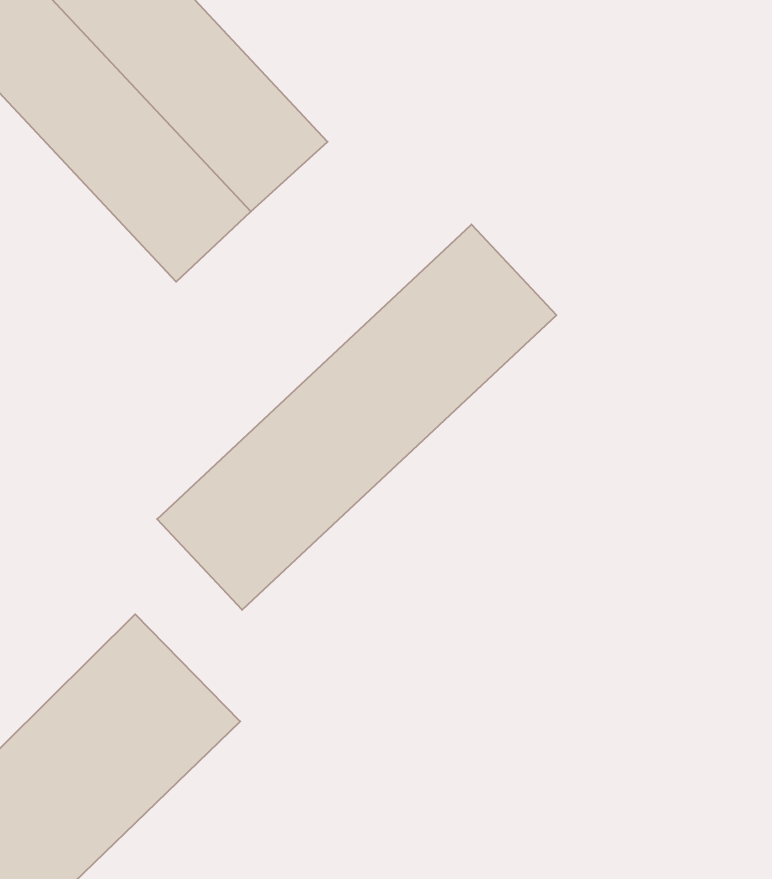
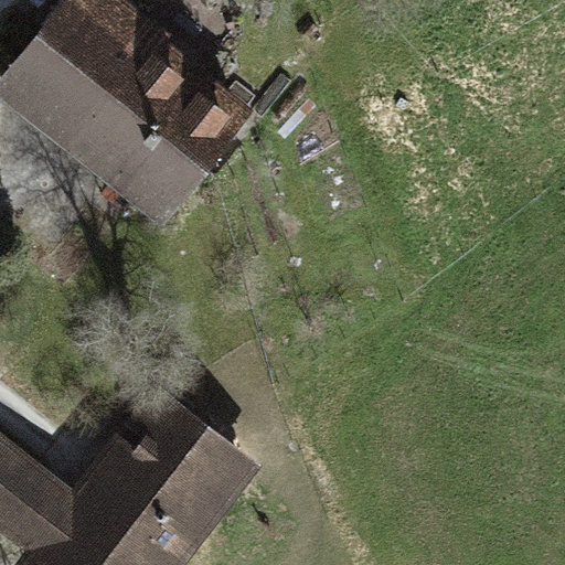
building: [157,224,556,610] -> none

